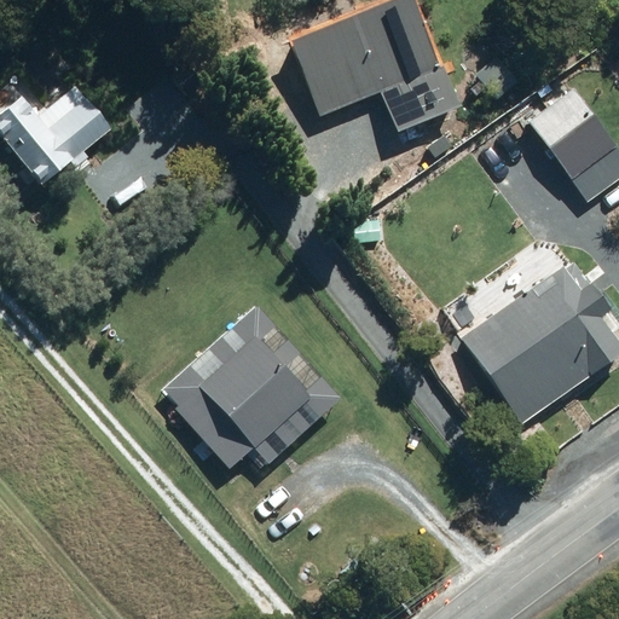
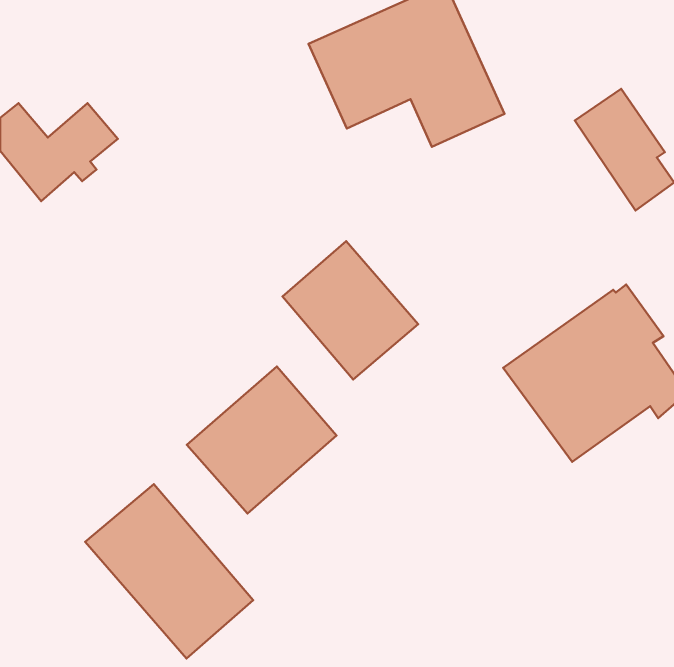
building: none -> [282,241,418,380]
building: none -> [85,484,253,658]

